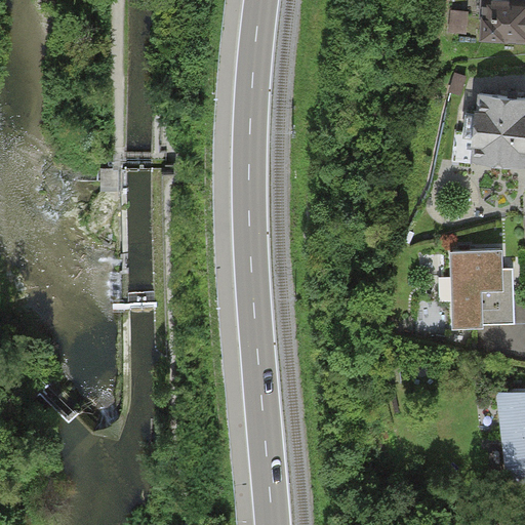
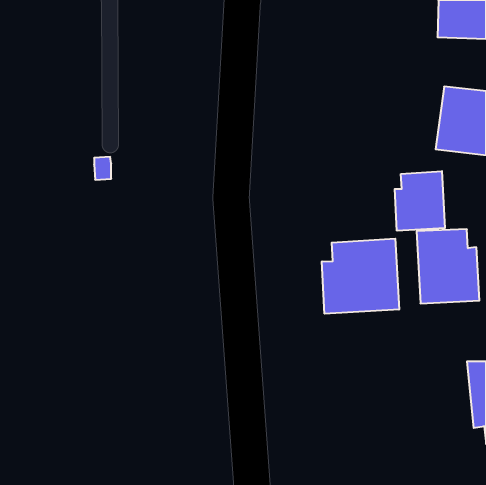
building: none -> [395,171,445,231]
building: none -> [322,239,399,314]

